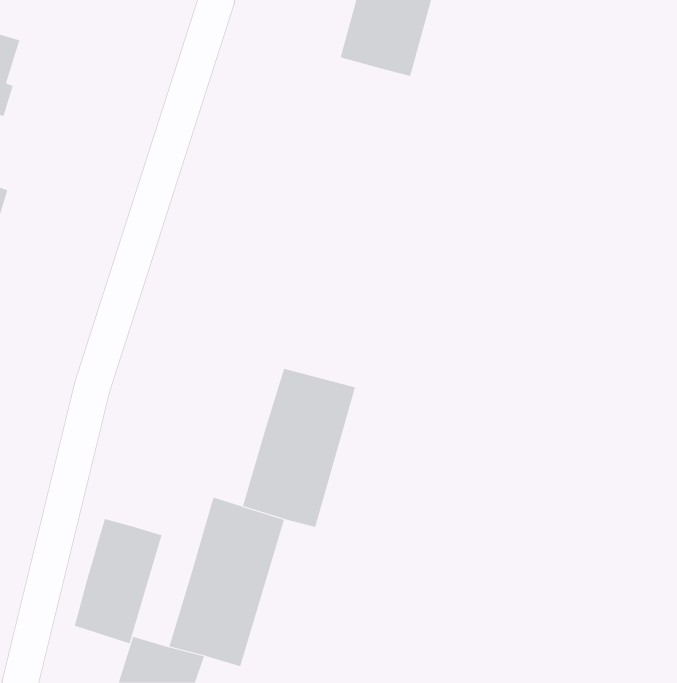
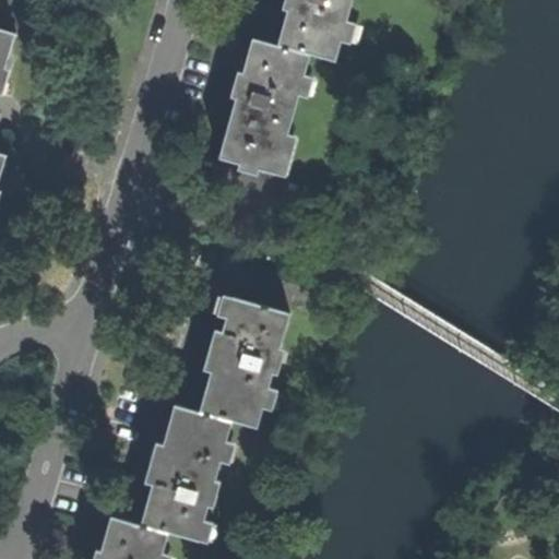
building: none -> [218,40,309,176]
building: [74,518,162,644] -> none

